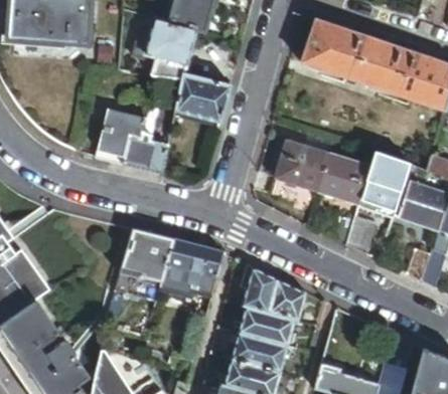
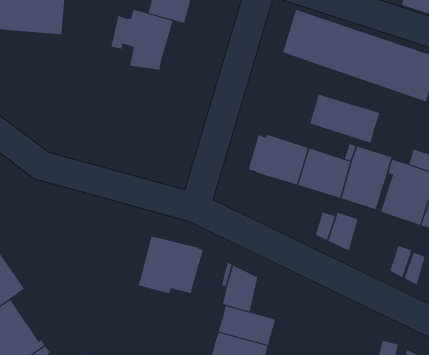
building: [175,71,231,122] -> none
building: none -> [309,94,380,144]
building: [99,109,168,173] -> none
building: [122,230,173,282] -> none
building: [270,279,307,322] -> none

